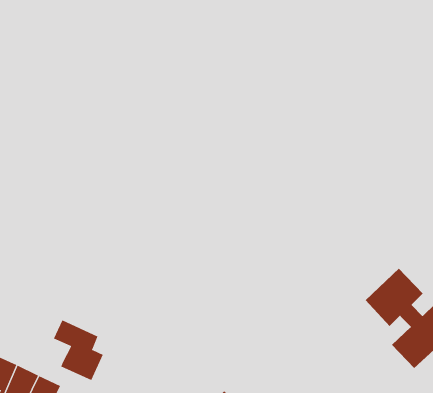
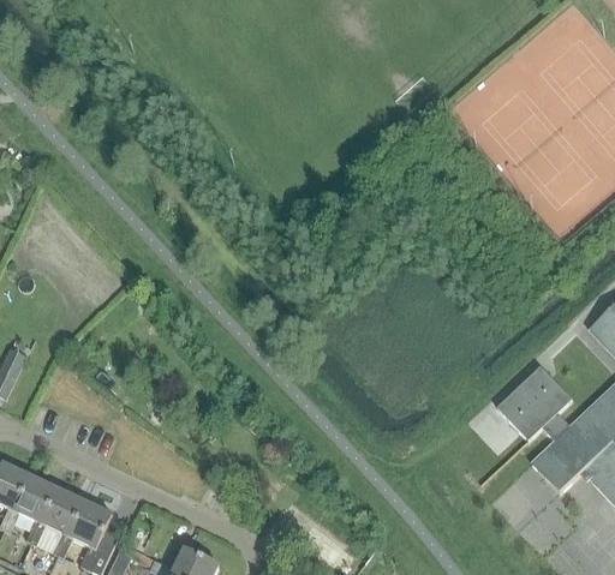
building: [53,319,104,381] -> none

